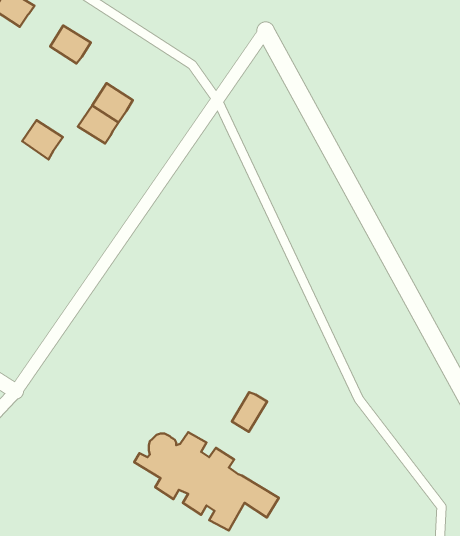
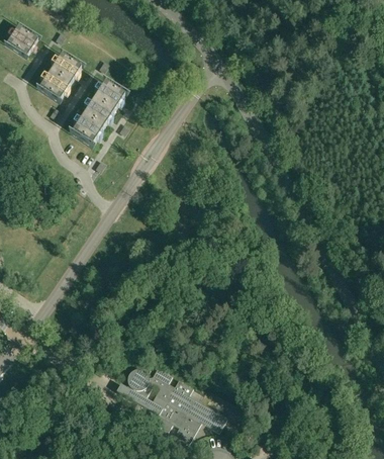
building: none -> [94,82,125,111]
building: [22,120,63,160] -> [39,70,71,100]
building: [232,392,267,432] -> none

